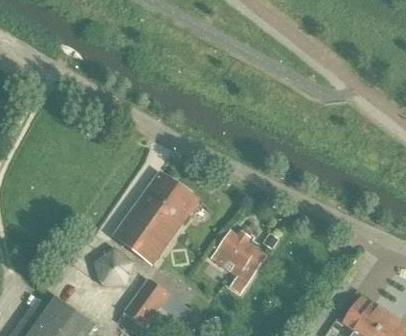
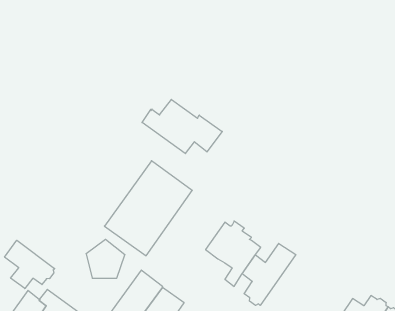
building: none -> [142,99,222,154]
building: none -> [5,240,55,289]
building: none -> [242,243,296,305]

